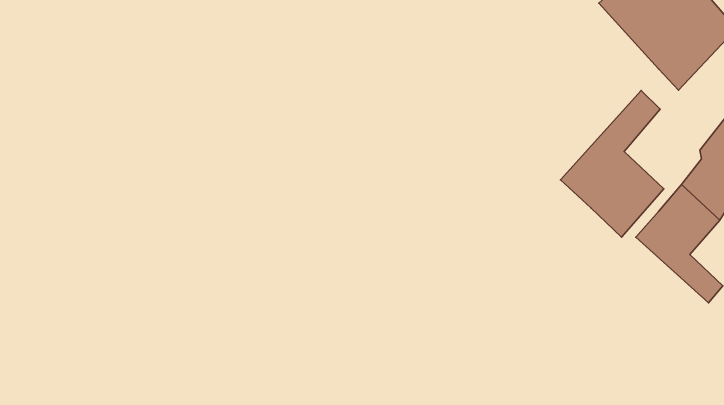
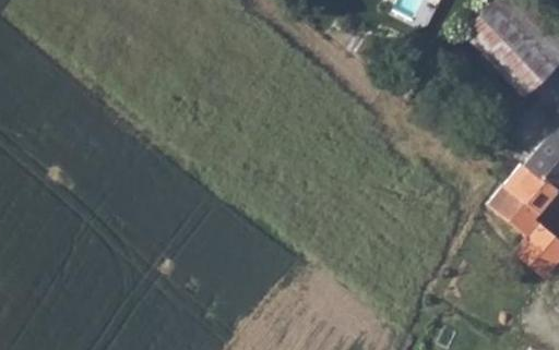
building: [561,90,664,237] -> none

